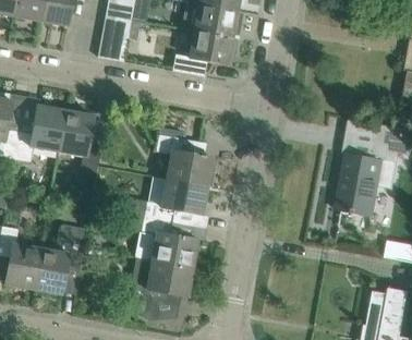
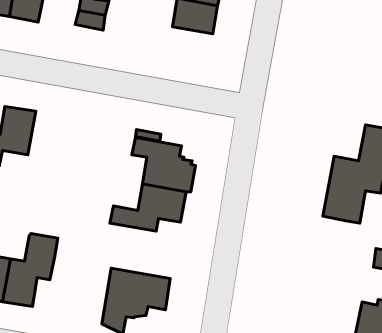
building: [172,26,239,70] -> none
building: [98,27,129,61] -> none
building: [58,109,101,173] -> none
building: [124,212,197,267] -> none

